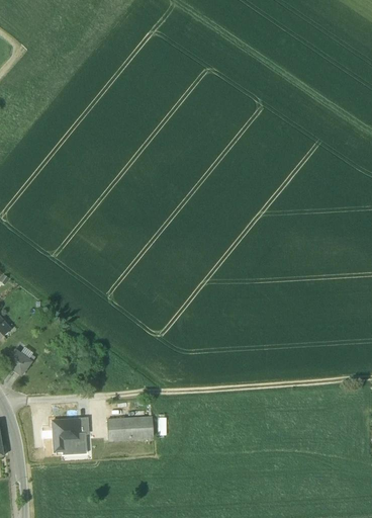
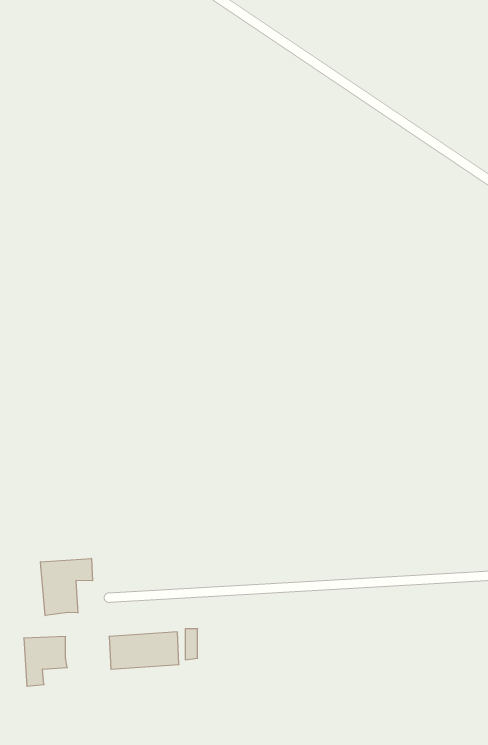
building: none -> [40,558,92,616]

